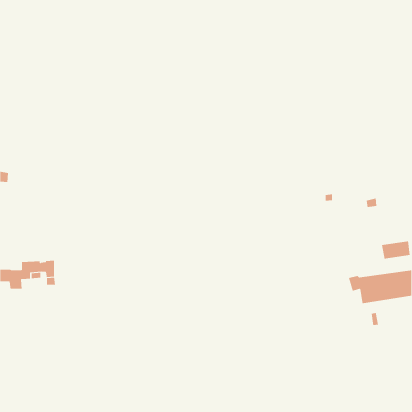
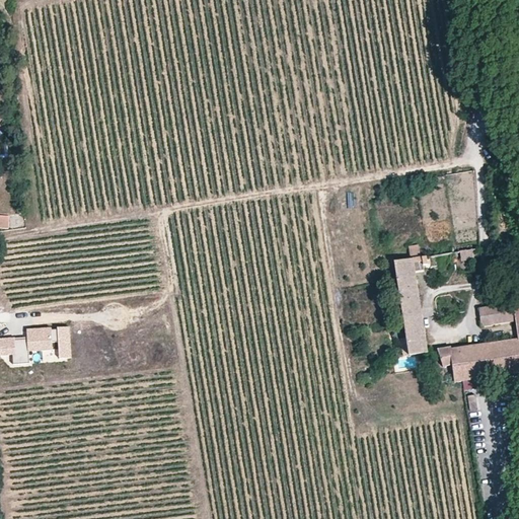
building: none -> [393,256,427,354]

